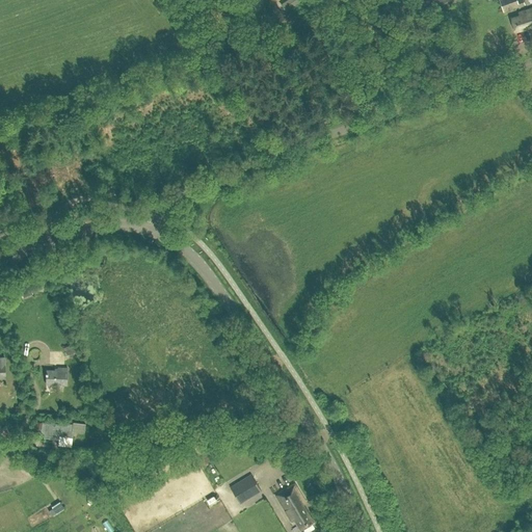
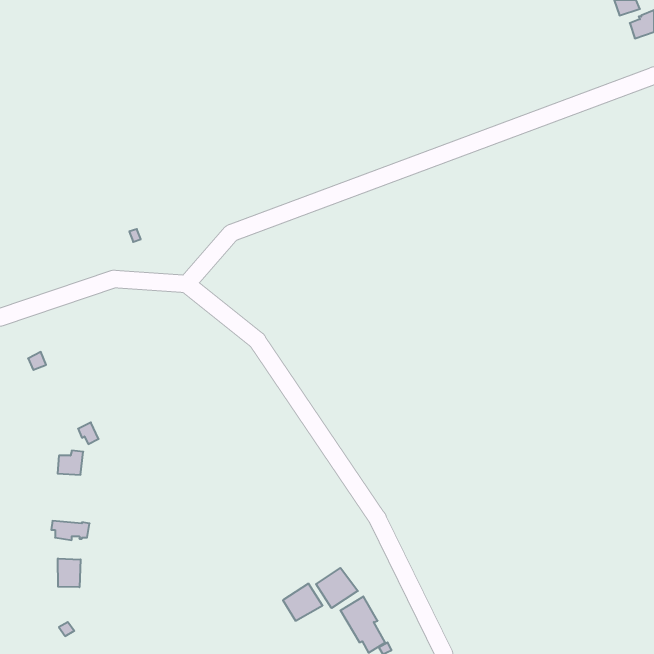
building: none -> [58,558,81,587]
building: none -> [316,568,358,608]

